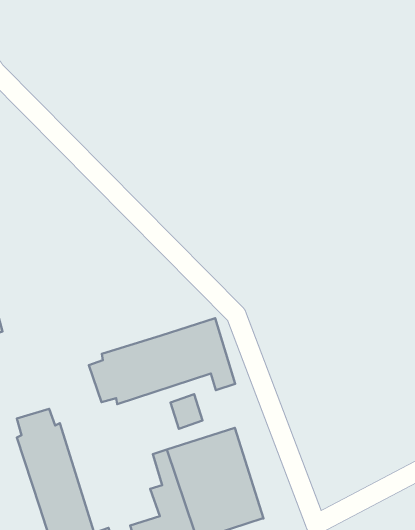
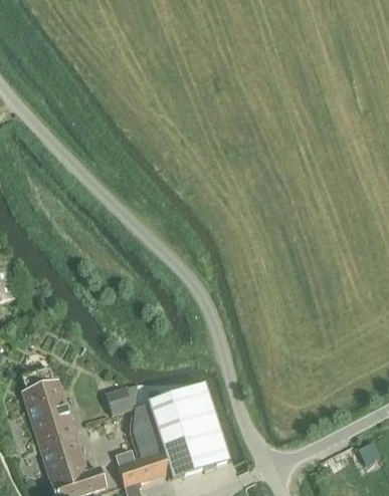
building: [89,318,235,404] -> none
building: [170,394,203,429] -> [105,384,132,413]

